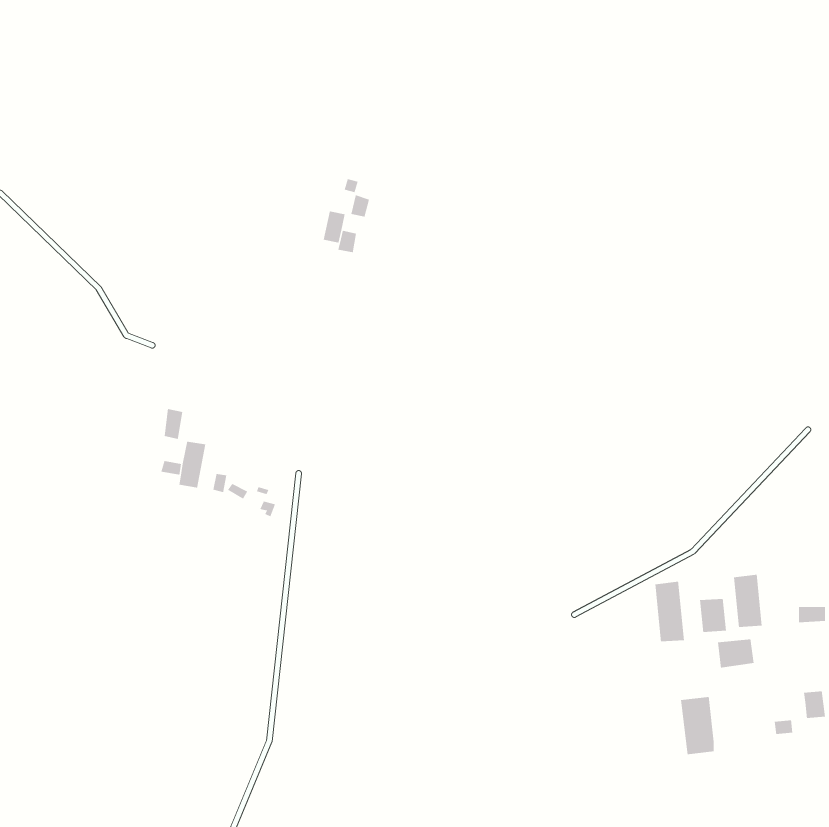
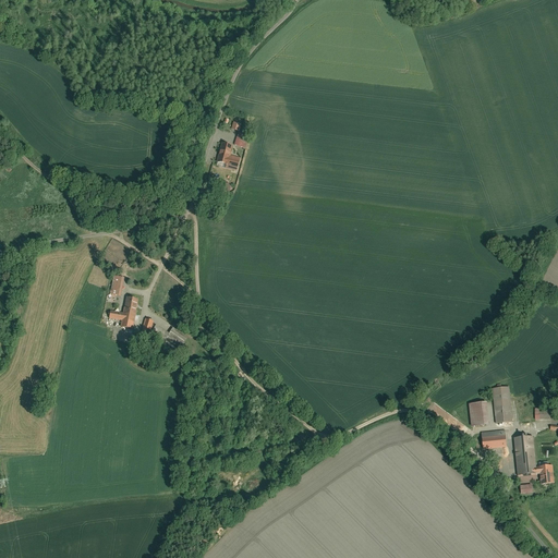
building: [655,581,684,642] -> none
building: [680,696,714,755] -> [513,436,536,475]

